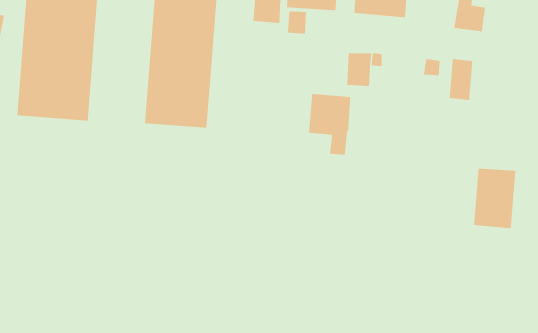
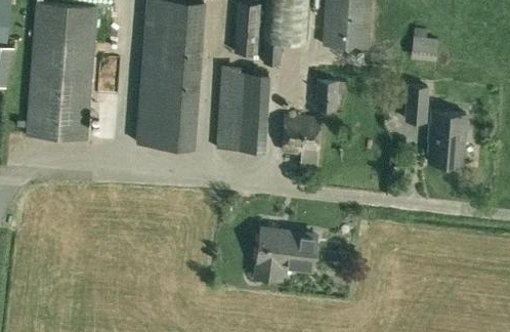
building: none -> [216,68,268,154]
building: [473,168,516,229] -> [428,112,466,165]
building: none -> [255,229,315,281]

